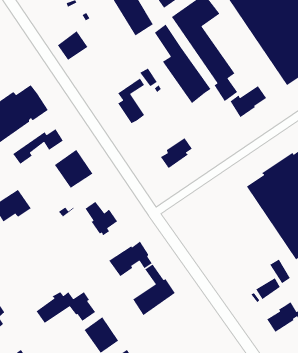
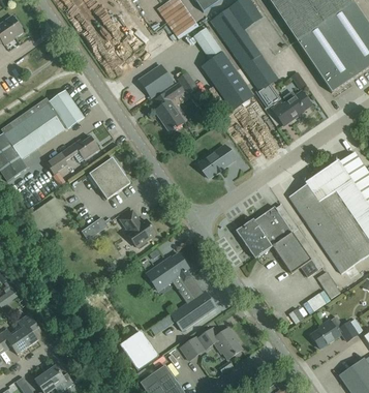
building: [57,30,89,61] -> [140,64,173,96]
building: none -> [236,204,324,276]
building: [36,291,96,324] -> [179,327,242,361]

